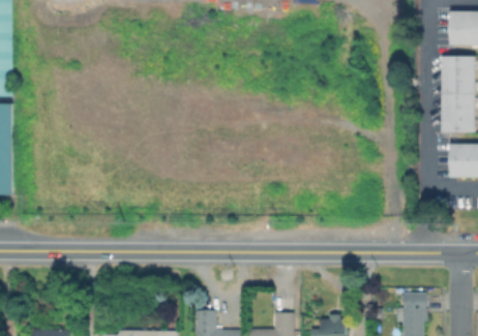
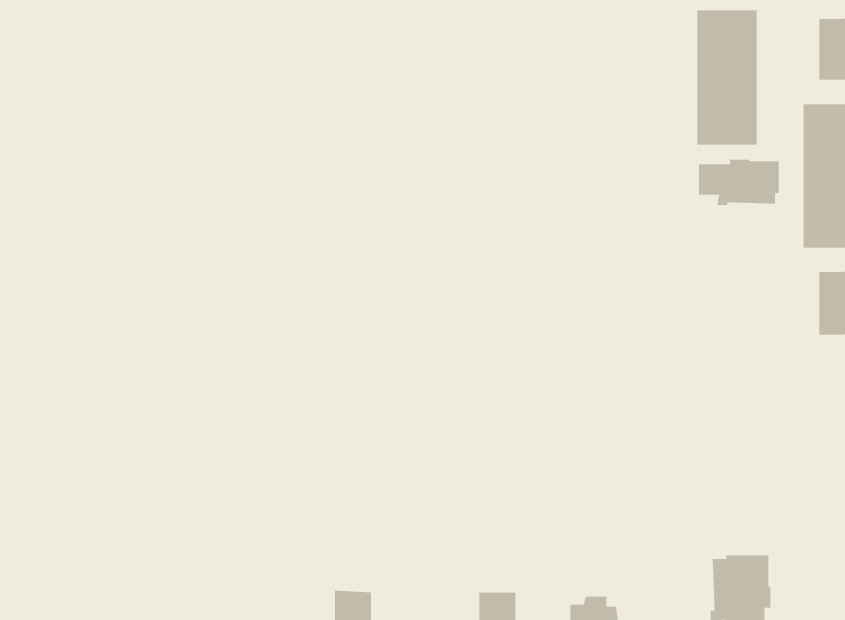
building: none -> [697,9,757,145]
building: none -> [698,159,779,206]

